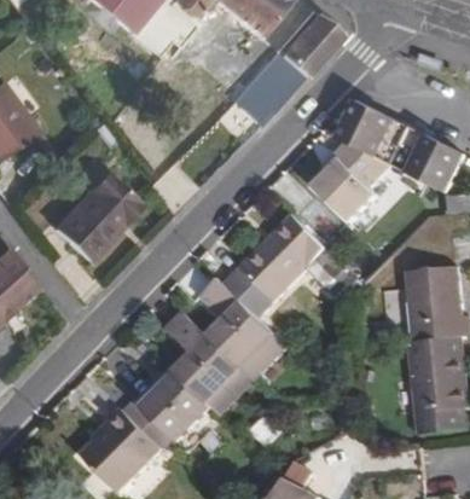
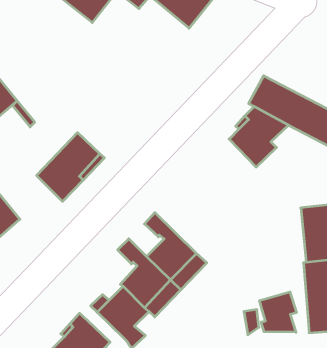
building: [226,17,340,126] -> none
building: [227,214,360,313] -> none
building: none -> [260,292,296,332]

